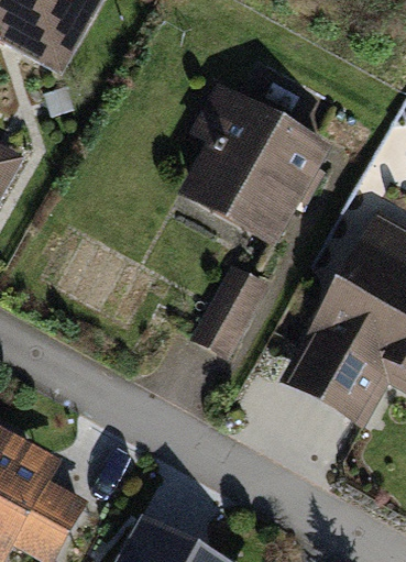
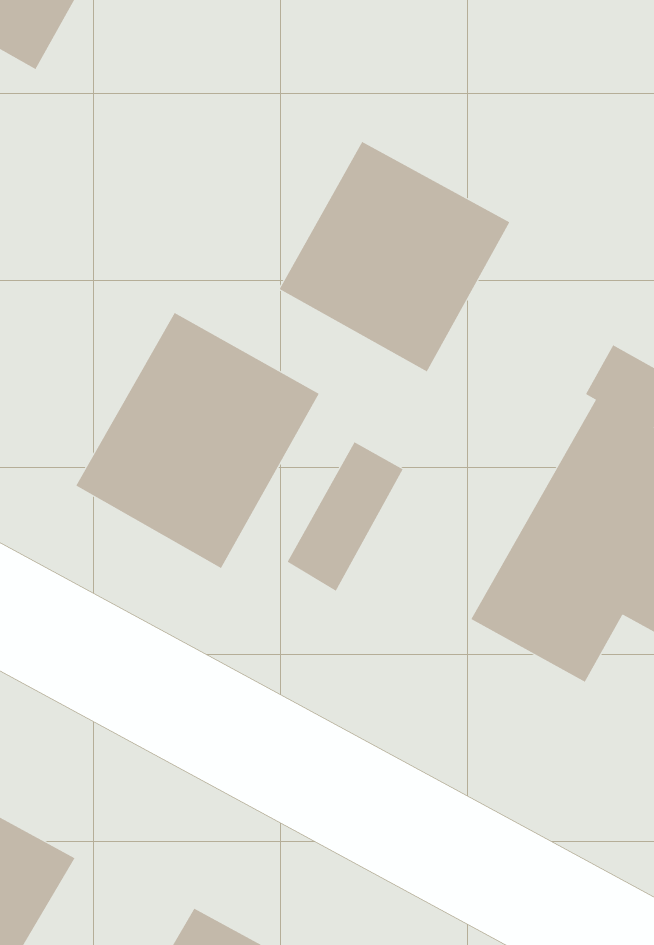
building: none -> [75,312,319,569]

